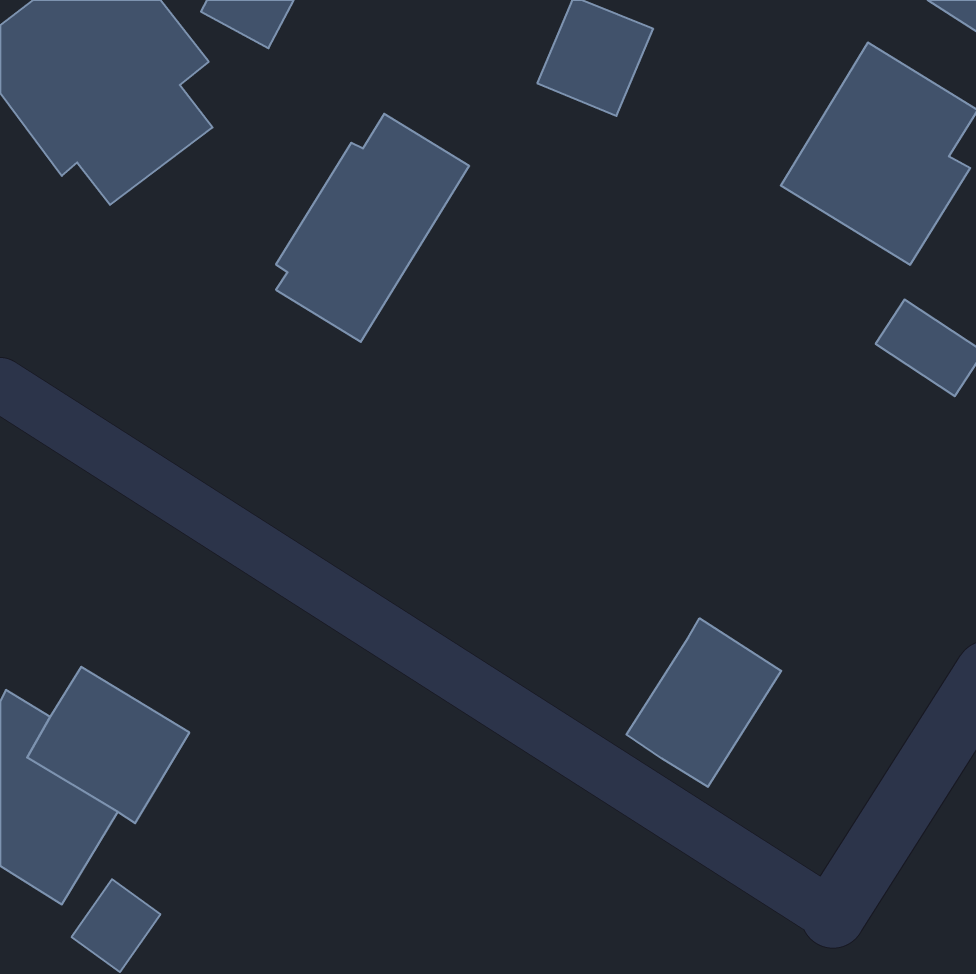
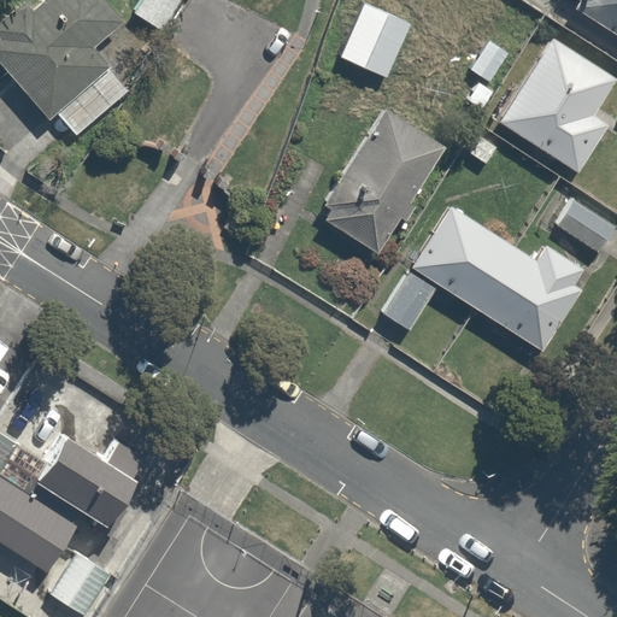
building: [276,114,469,342] -> [321,110,441,252]
building: none -> [381,206,588,346]
building: [626,618,781,787] -> none

